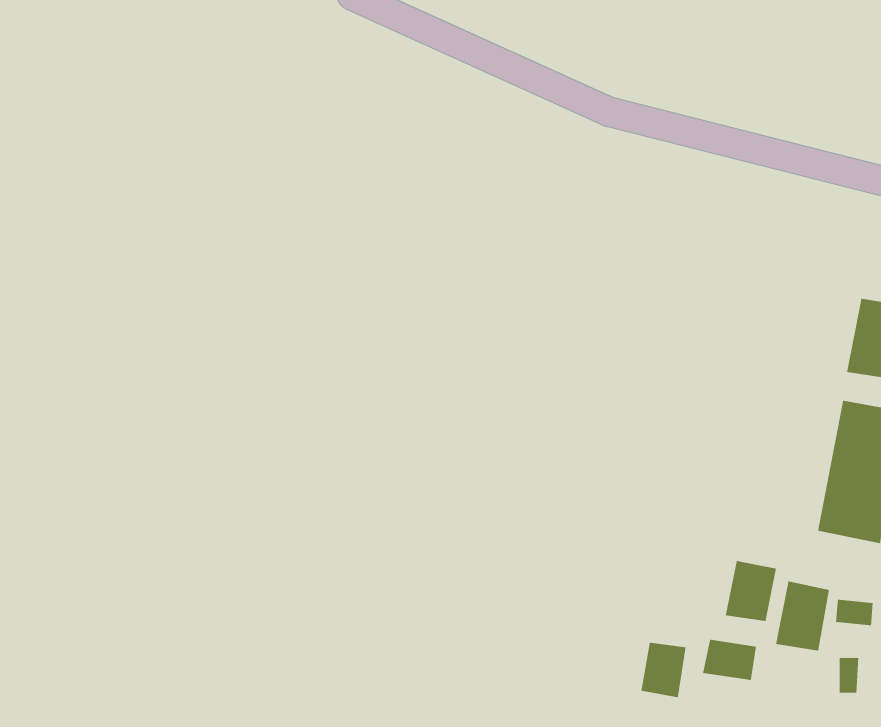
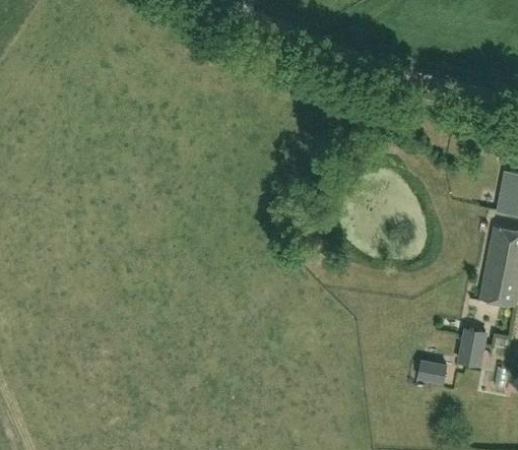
building: [725,560,777,622] -> none
building: [640,642,686,698] -> none

